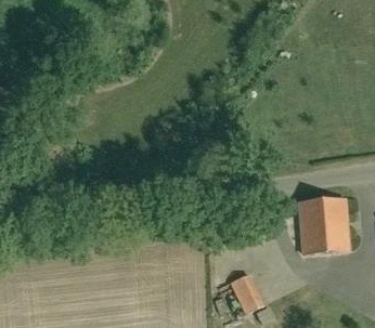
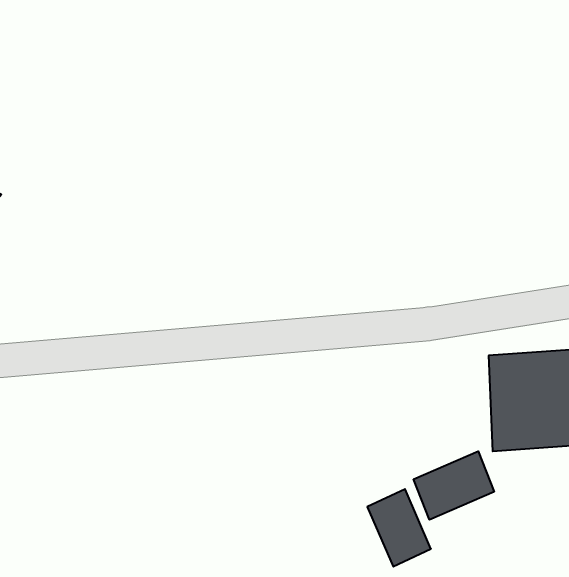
building: none -> [414,451,494,520]

